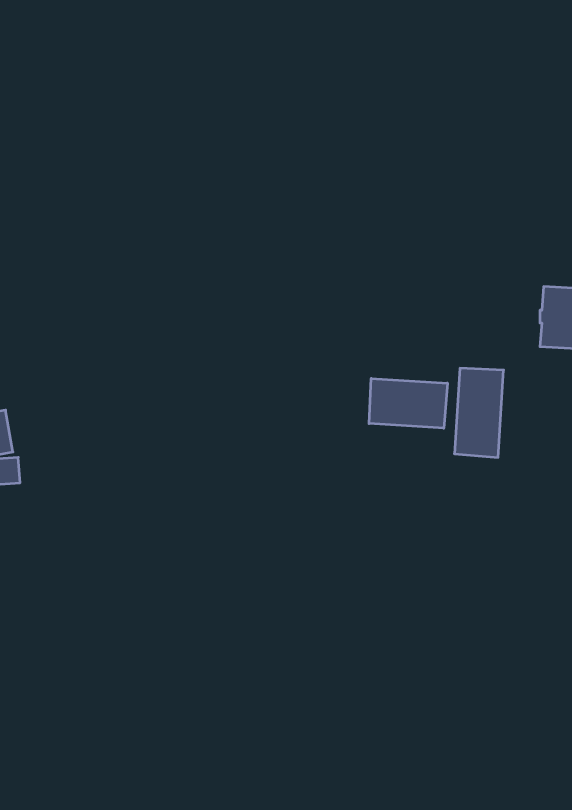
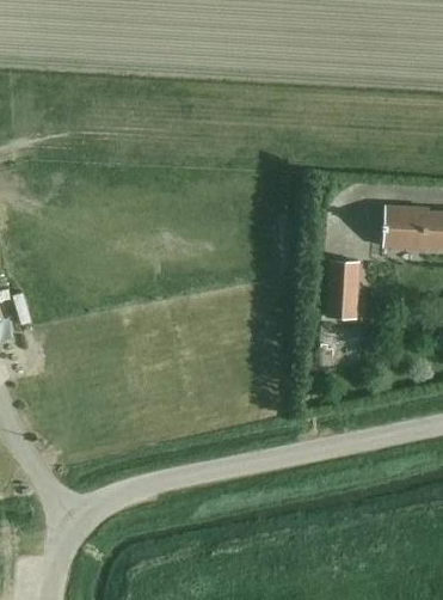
building: [369,378,447,428] -> none

